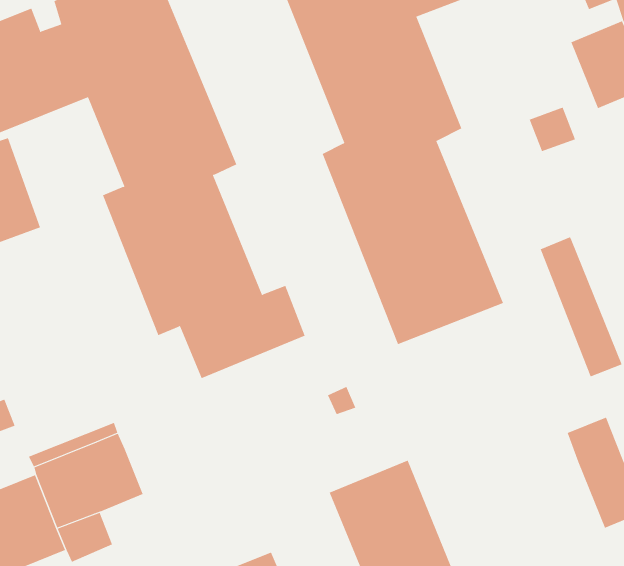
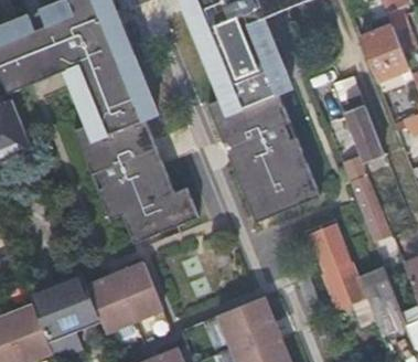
building: none -> [343,104,383,158]
building: none -> [310,225,364,306]
building: none -> [87,264,161,334]

